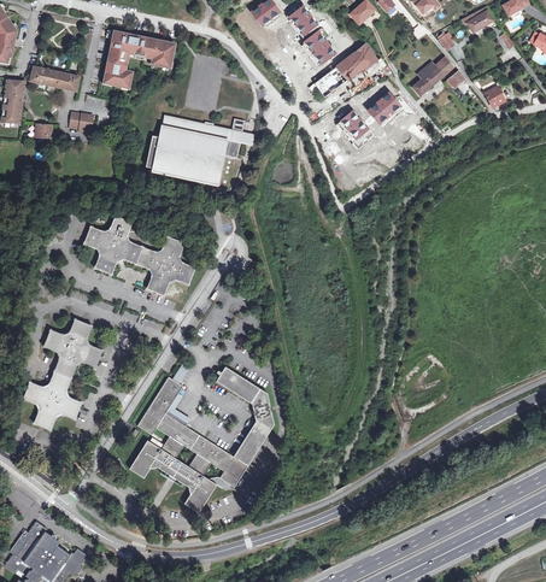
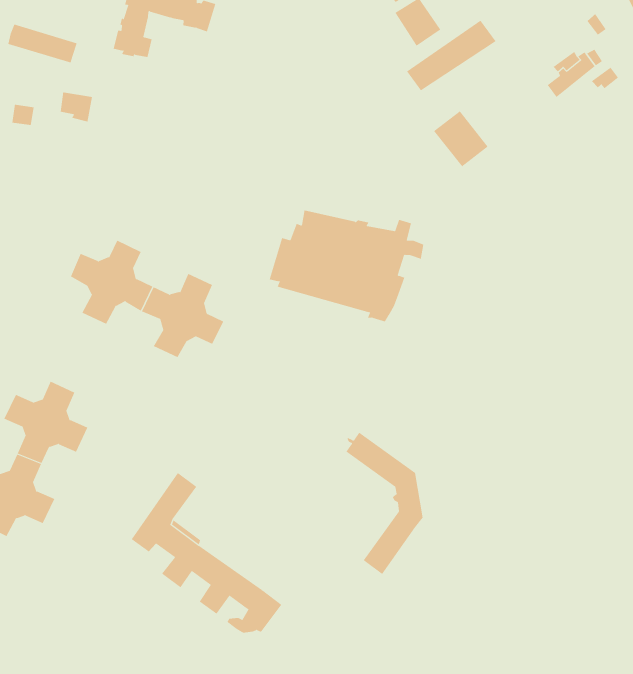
building: [368,90,404,127] -> none
building: [146,114,254,190] -> [269,210,424,322]
building: [217,365,275,465] -> [346,432,423,575]
building: [130,440,217,512] -> none

